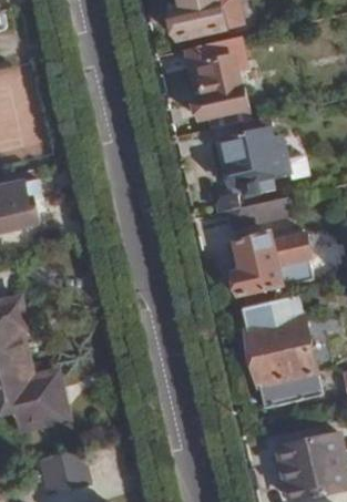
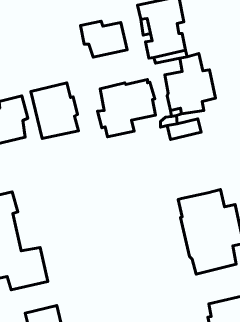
building: none -> [80,21,127,57]
building: none -> [31,83,78,139]
building: [231,229,308,306] -> [98,80,156,137]

